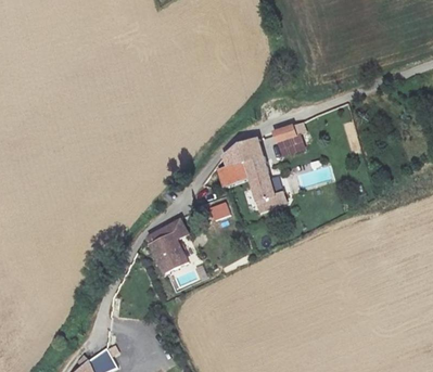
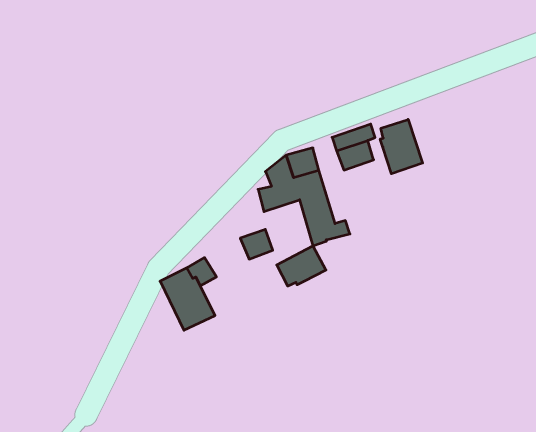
building: none -> [380,119,423,174]
building: none -> [277,246,326,286]

